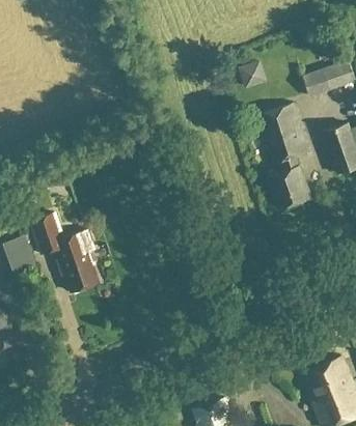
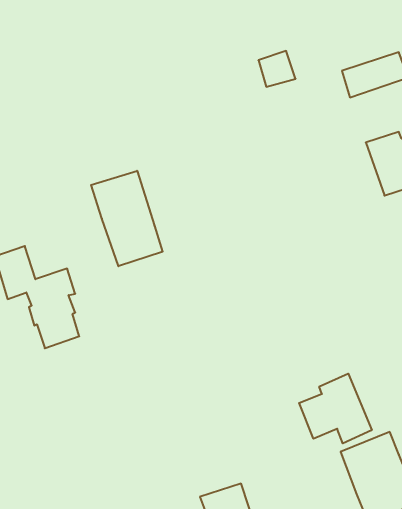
building: [257,103,311,208] -> none
building: none -> [91,171,163,266]
building: none -> [299,374,372,443]

